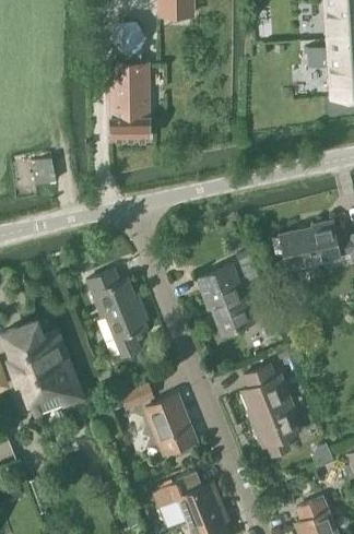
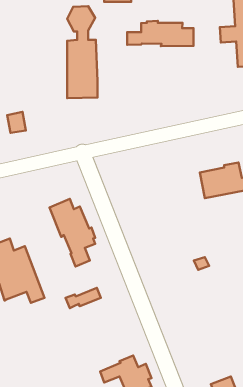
building: none -> [127,21,194,46]
building: [197,265,255,335] -> none
building: [241,367,297,456] -> none
building: [145,395,194,453] -> none

